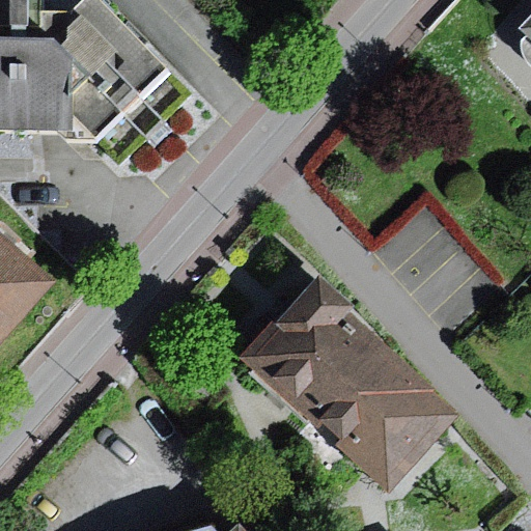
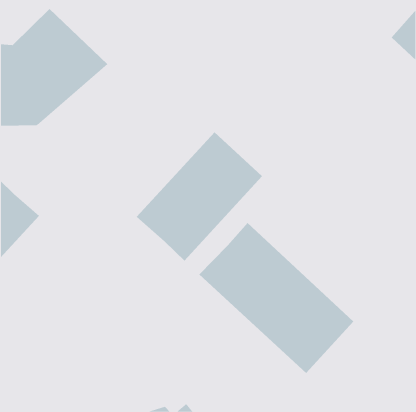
building: none -> [136,131,263,262]

